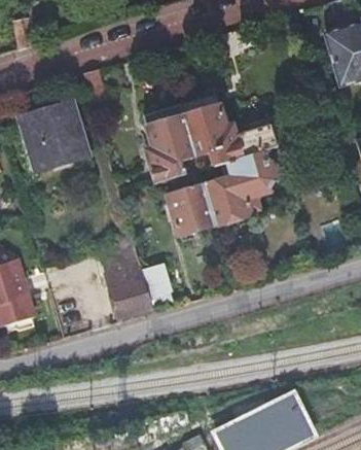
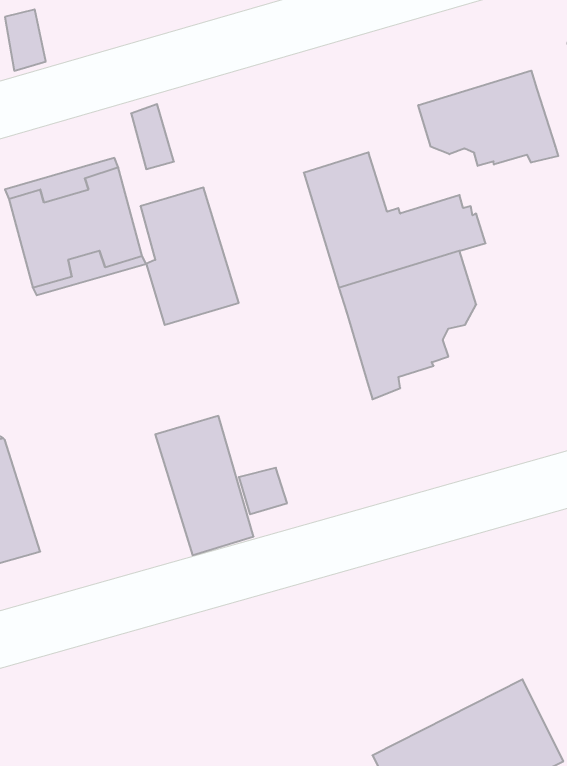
building: none -> [418,71,558,166]
building: [144,107,198,183] -> [140,188,239,325]
building: [168,184,215,237] -> none

